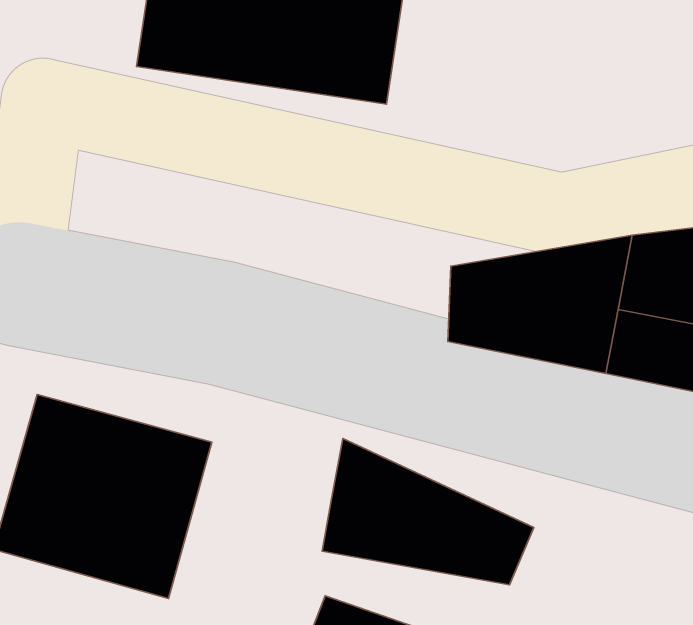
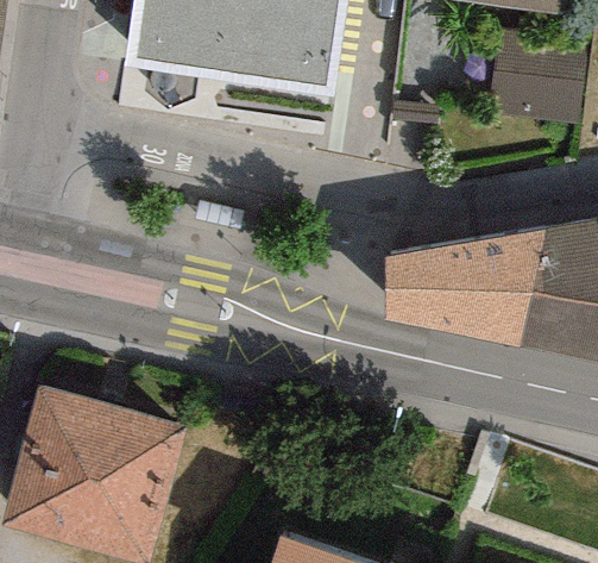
building: none -> [489,33,588,127]
building: [322,439,534,585] -> none

